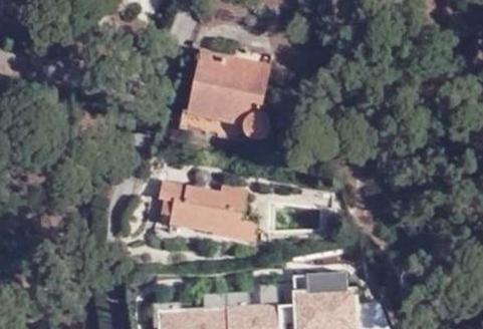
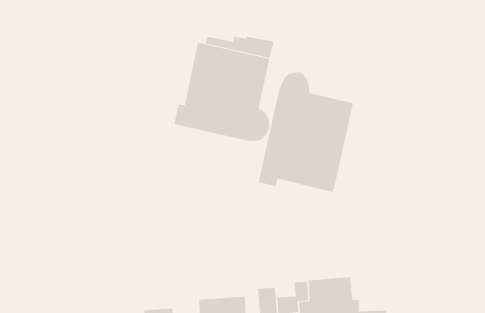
building: none -> [258,71,354,193]
building: [158,182,253,241] -> none

